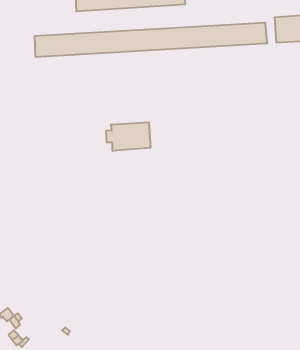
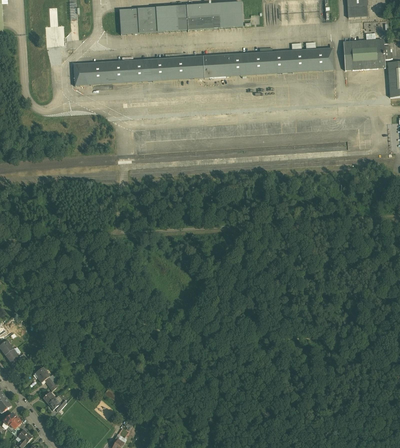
building: [106,122,150,151] -> none

